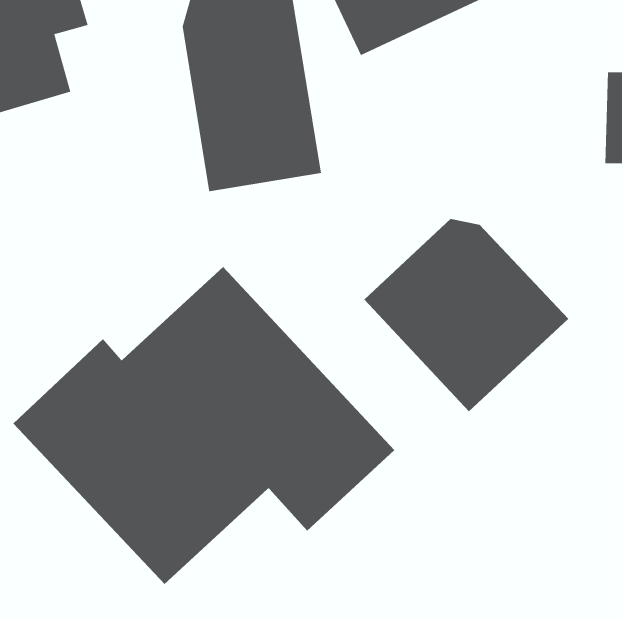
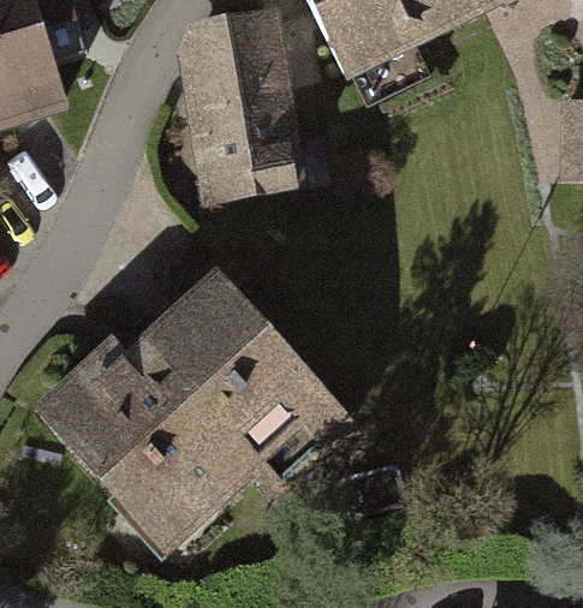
building: [364,218,569,412] -> none

